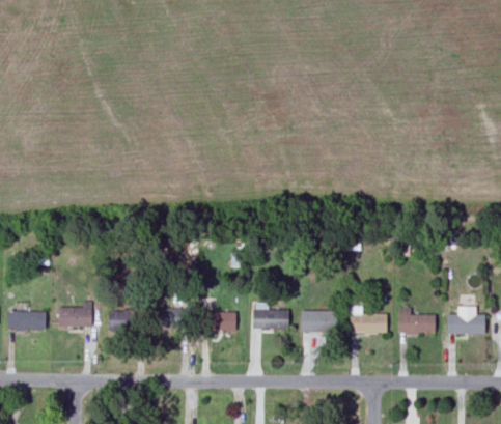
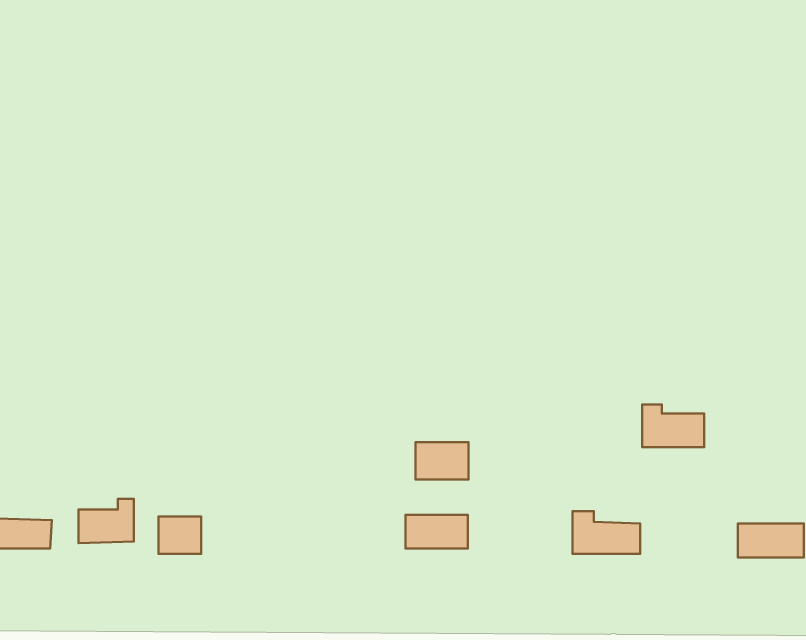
building: [156,308,189,328] -> none
building: [398,309,435,334] -> [642,404,704,447]
building: [301,310,332,332] -> [415,442,469,479]
building: [210,312,235,330] -> none

